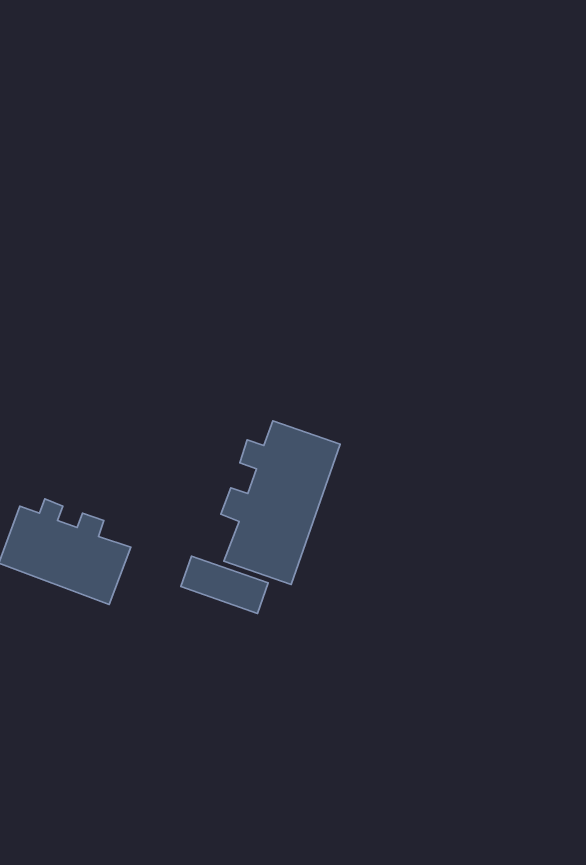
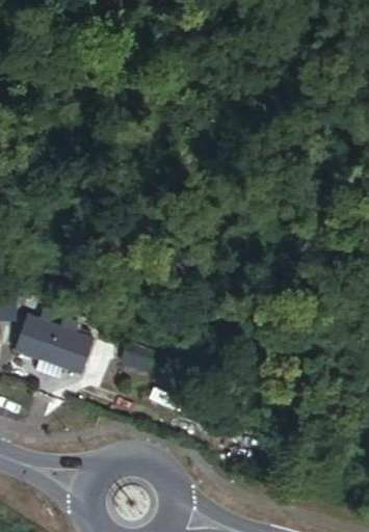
building: [221,421,340,584] -> none

